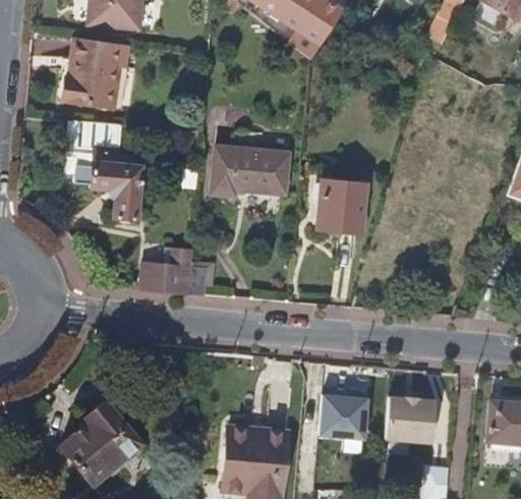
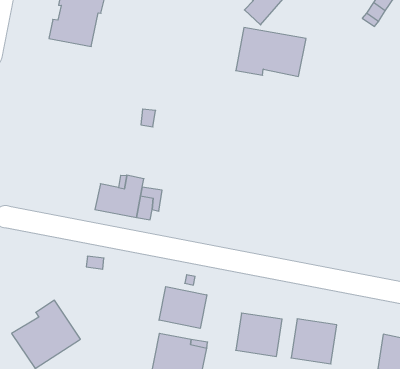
building: [65,121,138,223] -> none
building: [213,142,290,195] -> [236,28,306,76]
building: [315,184,363,235] -> none
building: none -> [159,287,207,328]

